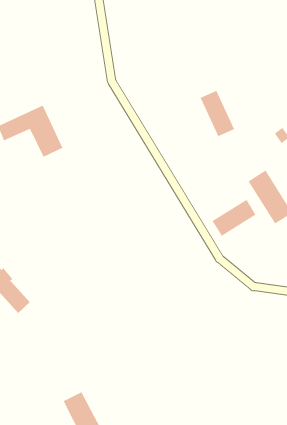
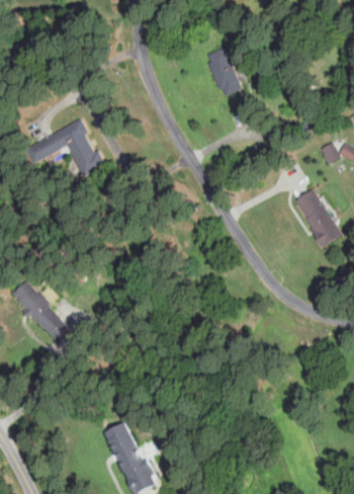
building: [199,90,235,137] -> [205,48,243,97]
building: [212,199,257,237] -> none

